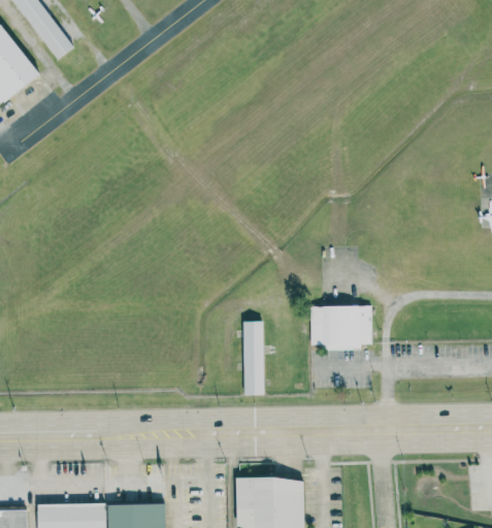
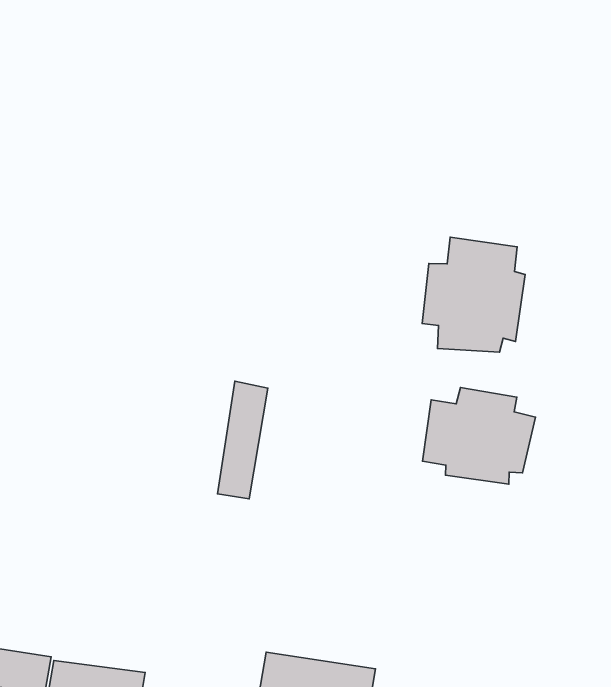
building: none -> [422,237,525,352]
building: [244,325,265,395] -> [218,381,268,499]

